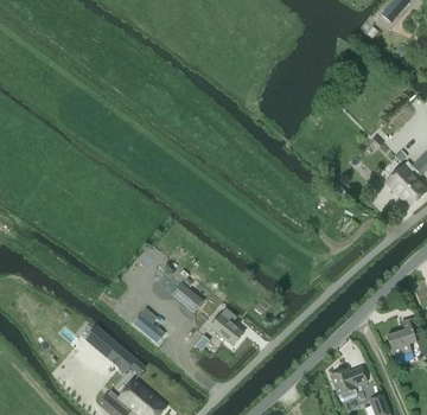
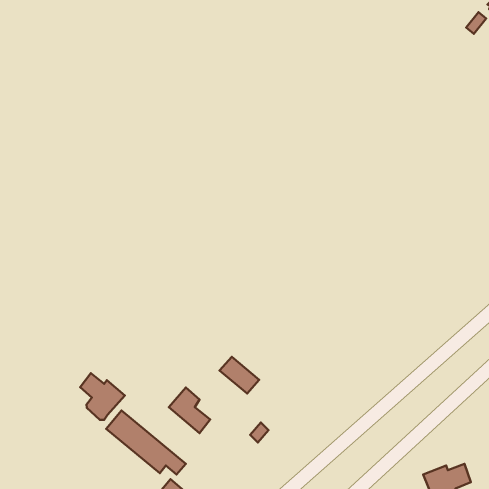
building: none -> [80,373,125,420]
building: [210,307,243,344] -> none

